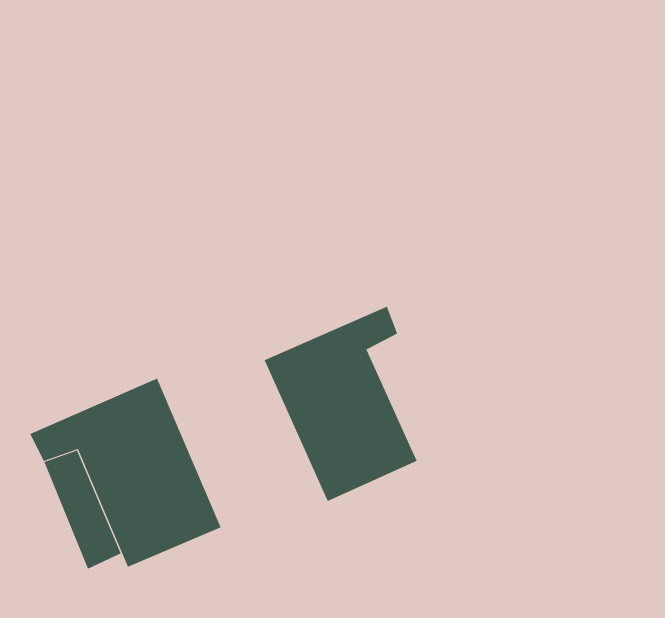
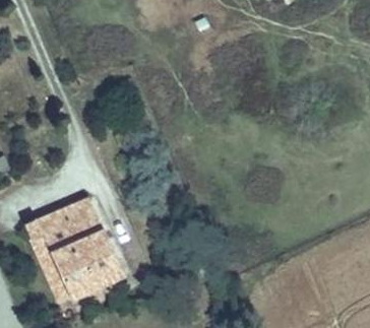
building: [264,306,417,502] -> none

